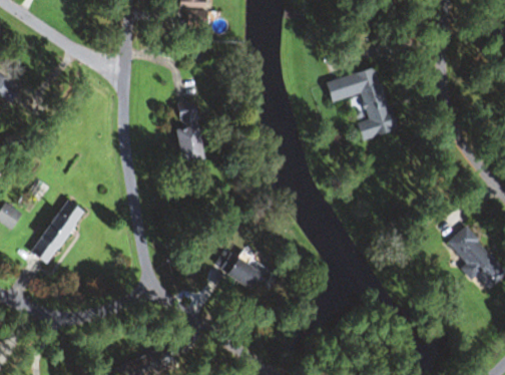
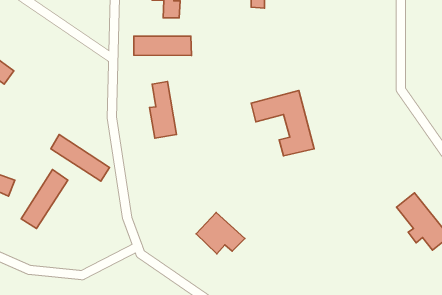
building: none -> [134,36,191,55]
building: [326,67,396,140] -> [251,90,314,156]
building: none -> [51,135,109,181]

